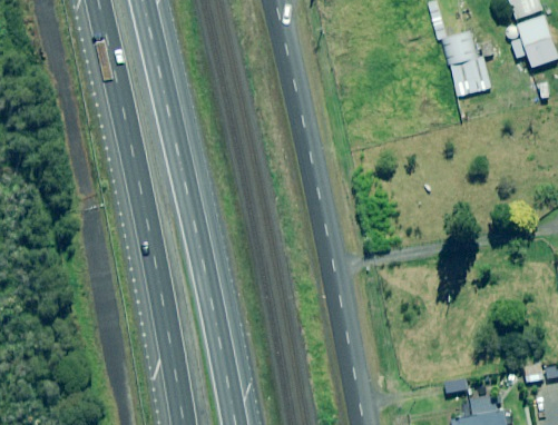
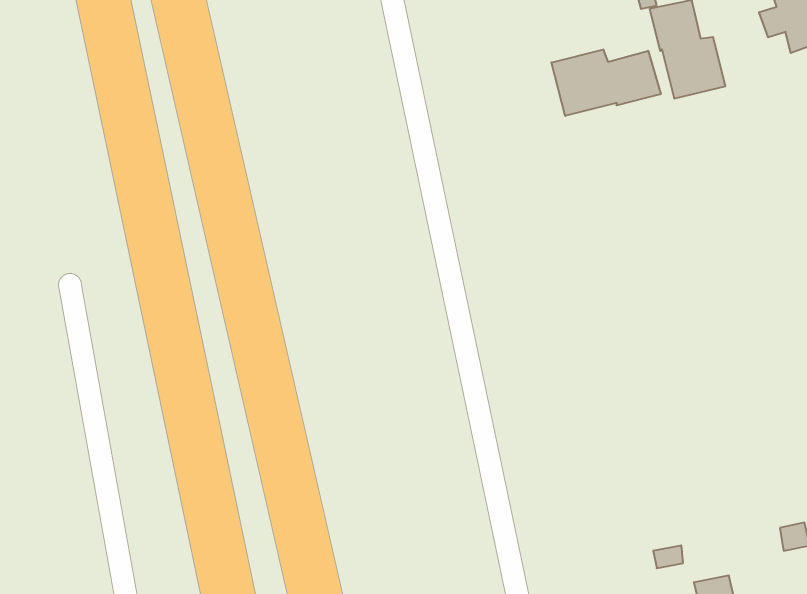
building: none -> [551,49,661,116]

